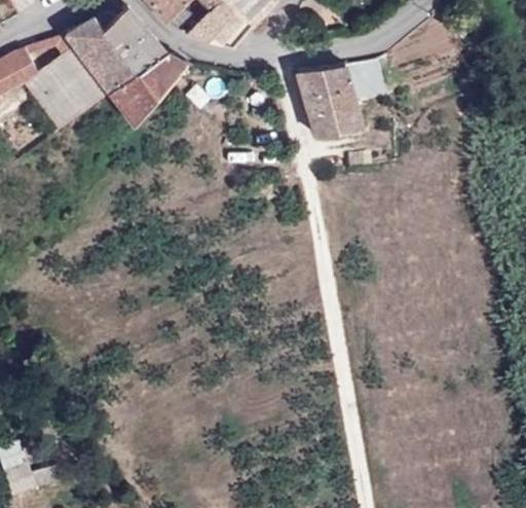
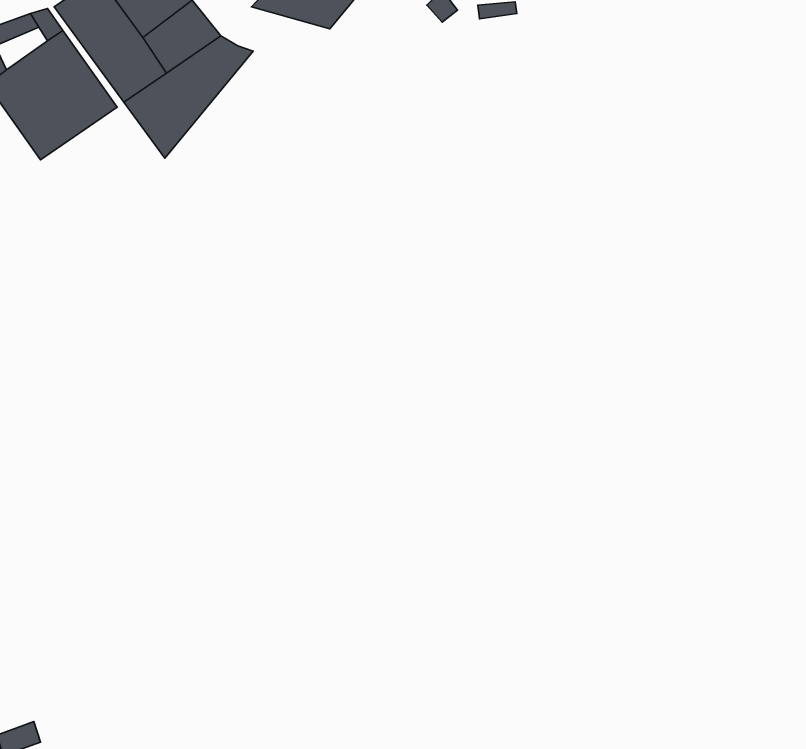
building: [293,60,384,135] -> none

